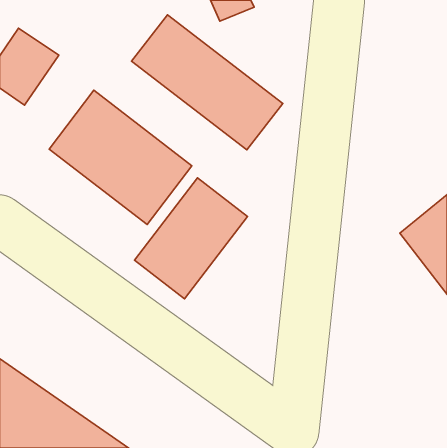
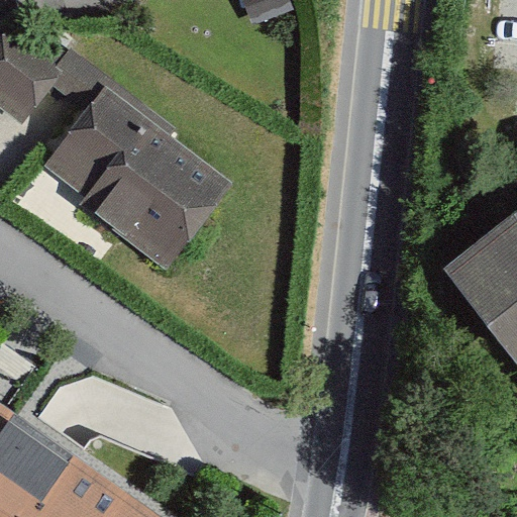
building: [132,15,283,150] -> none
building: [135,178,247,299] -> none

